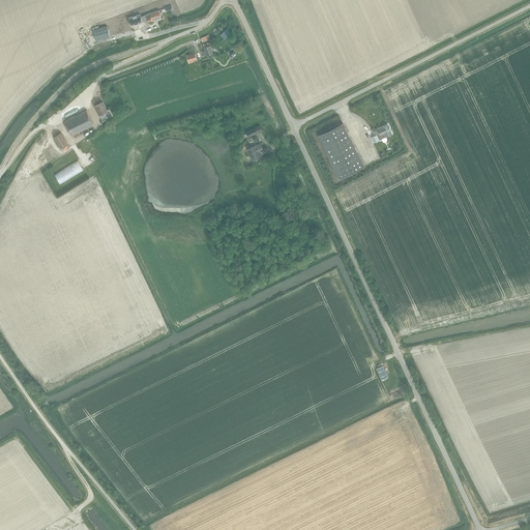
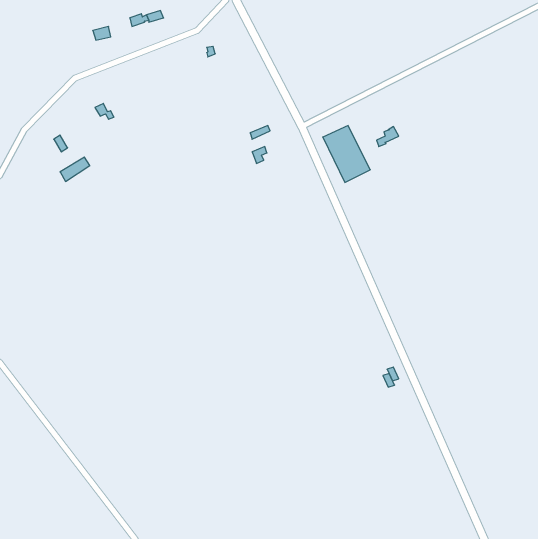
building: [63,110,92,136] -> none

